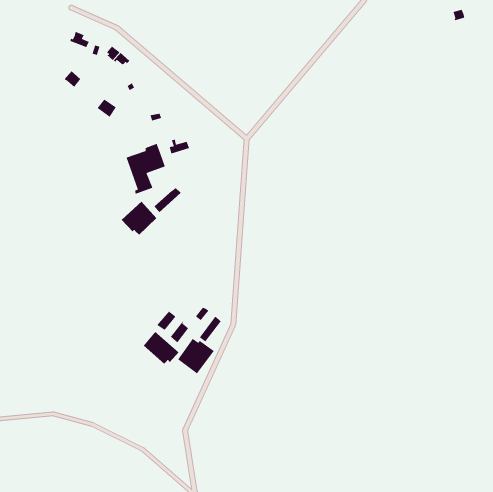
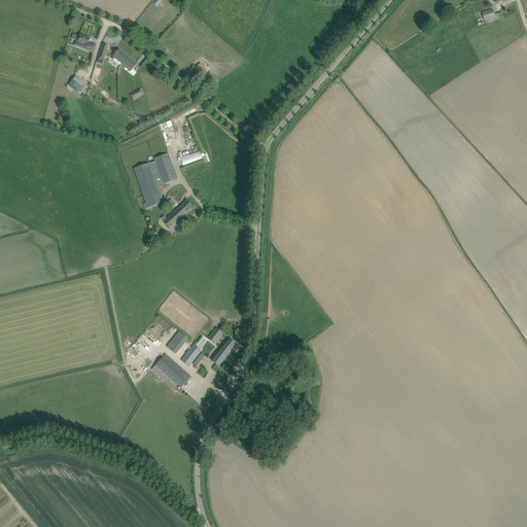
building: [121,201,157,235] -> none
building: [177,338,215,374] -> none

